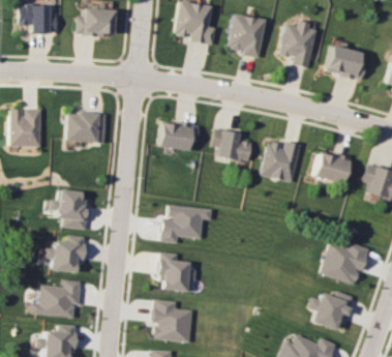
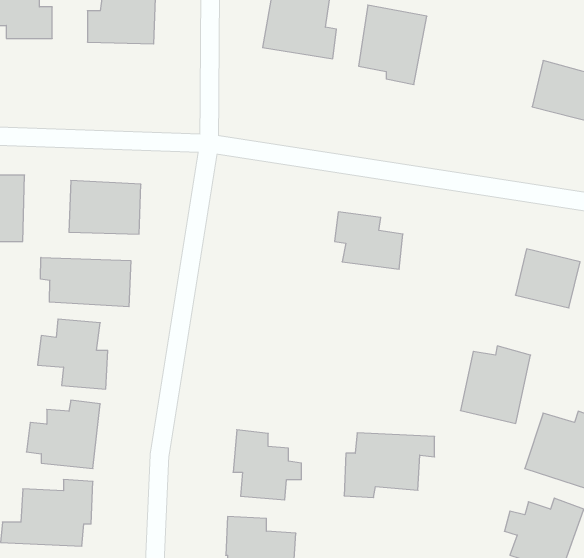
building: [279,20,316,67] -> none
building: [161,122,201,149] -> none
building: [264,139,303,182] -> [460,346,531,423]
building: none -> [41,257,131,307]
building: [162,206,213,242] -> [344,433,435,498]

